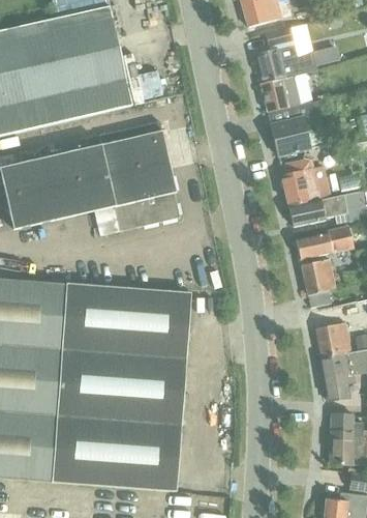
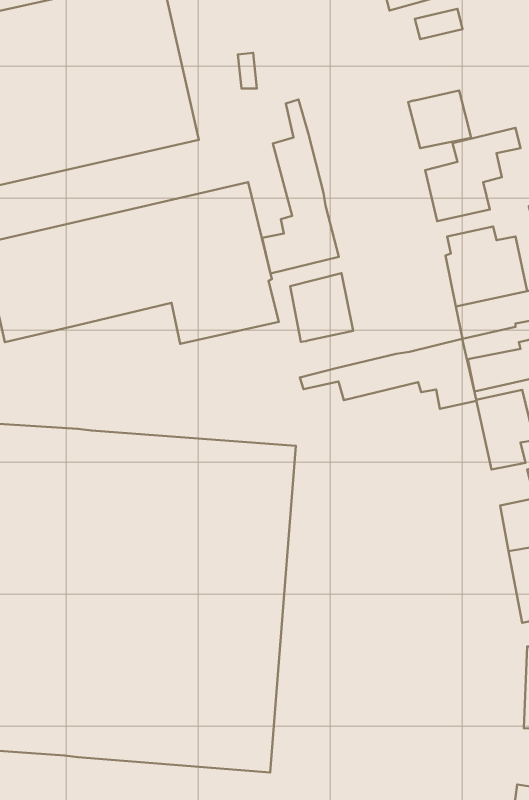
building: [255,45,315,82] -> none
building: none -> [262,99,339,274]
building: none -> [290,273,353,342]
building: none -> [300,339,476,409]

